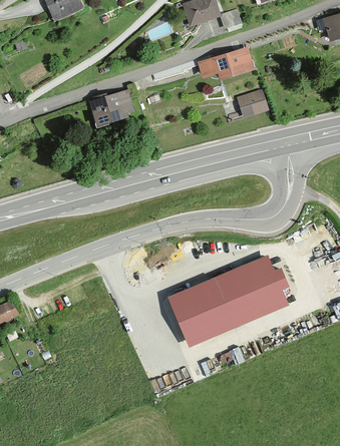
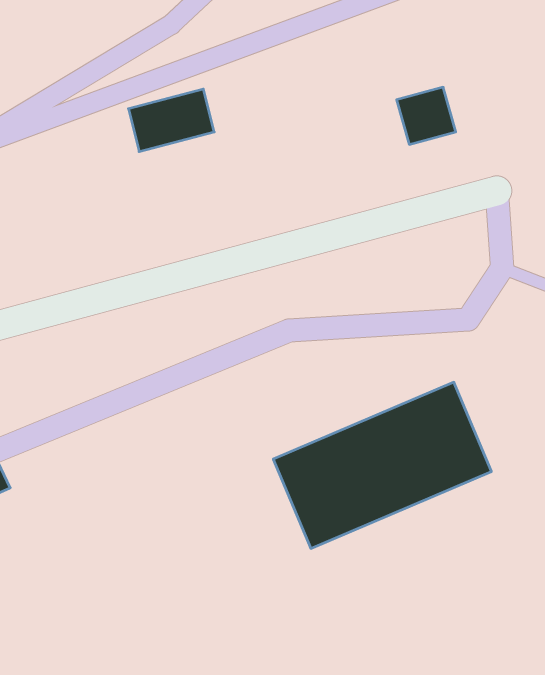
building: [194,46,254,81] -> none

